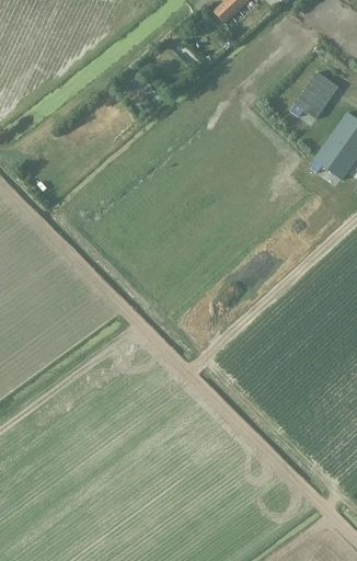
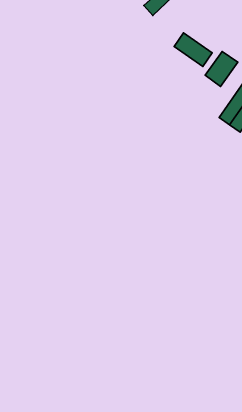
building: none -> [174,33,212,66]

